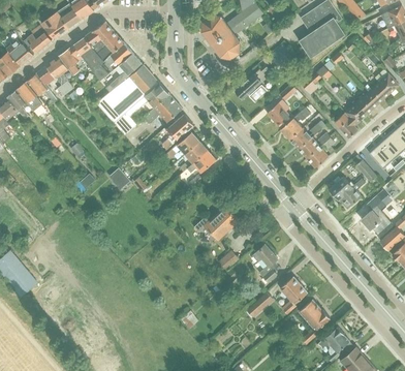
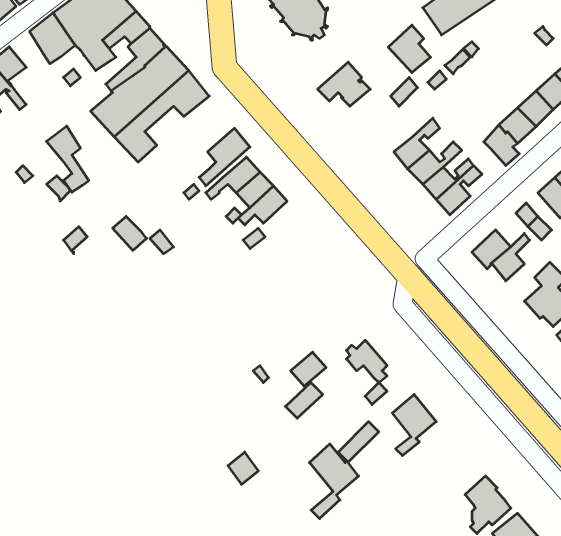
building: [46,55,72,95] -> [46,126,89,192]
building: [143,94,182,123] -> none
building: [267,99,292,128] -> [388,25,431,73]
building: [194,206,239,240] -> none
building: [300,299,330,344] -> [309,444,359,519]

